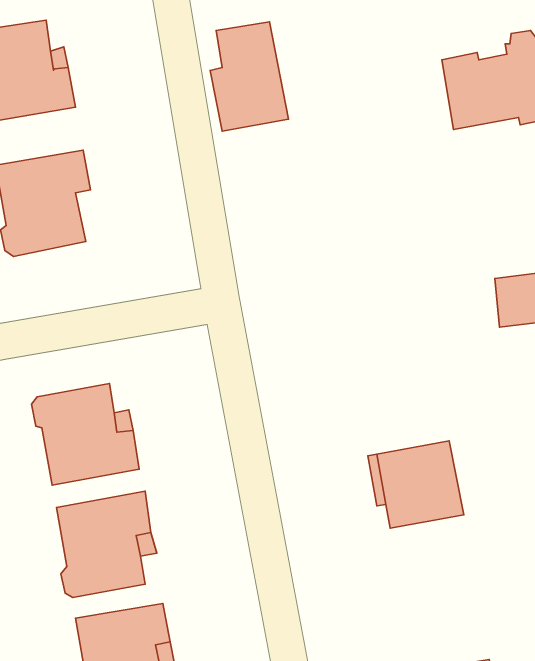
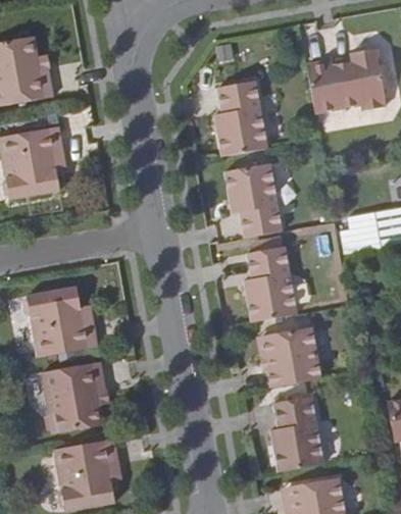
building: [210,22,289,131] -> [214,81,268,156]
building: none -> [224,163,283,238]
building: none -> [244,246,297,321]
building: none -> [270,396,324,471]

